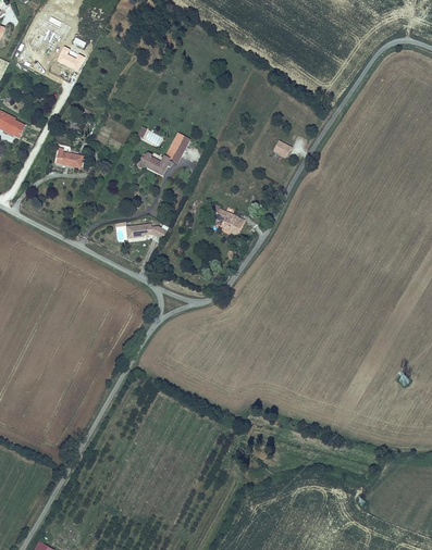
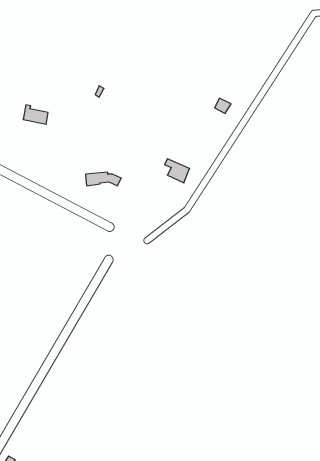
building: [138,132,190,175] -> none

